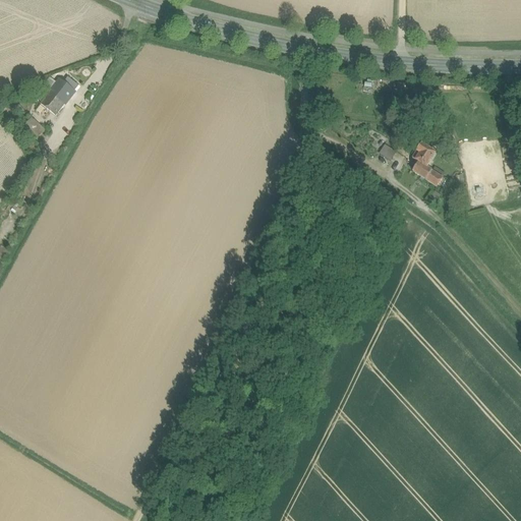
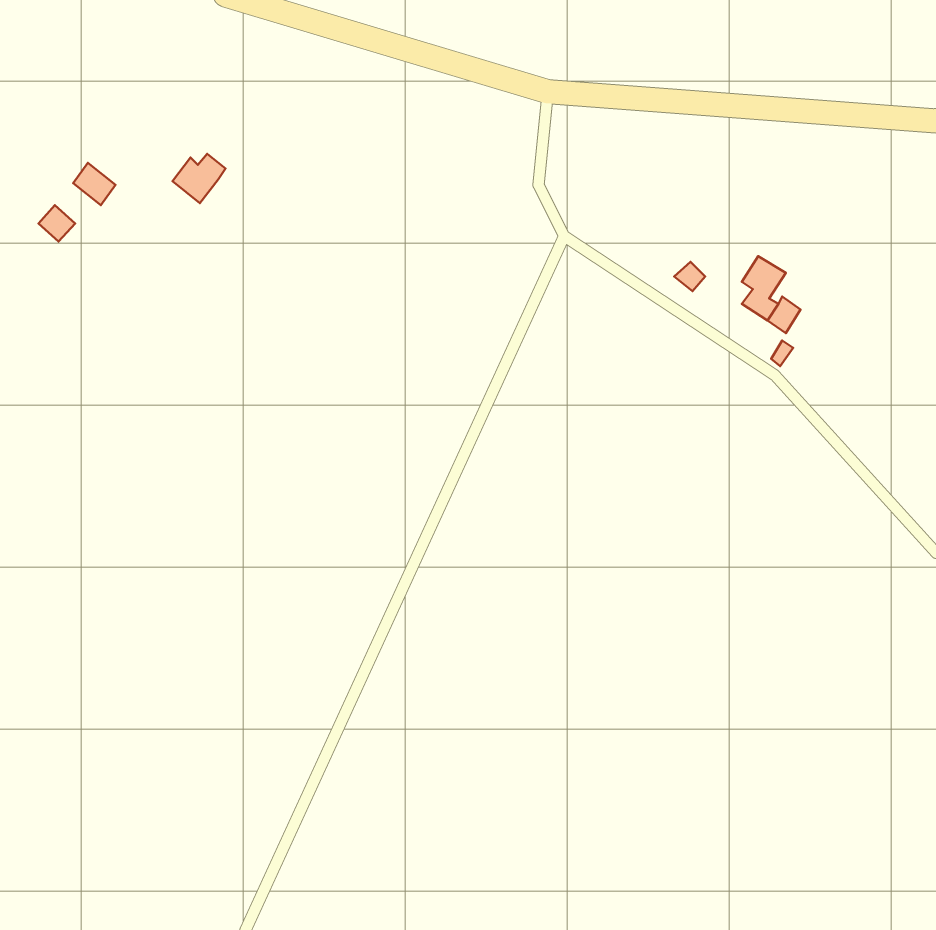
building: [49,75,78,103] -> [172,154,225,203]

